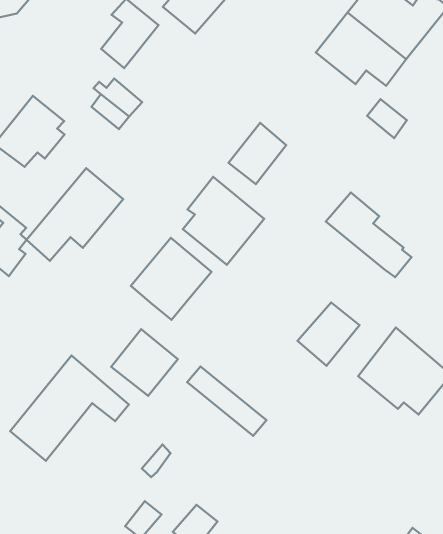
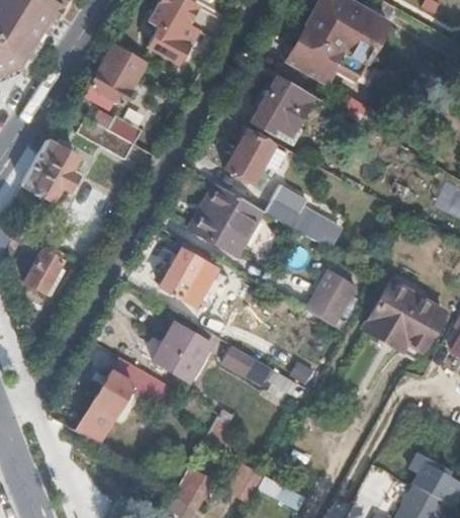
building: none -> [249,76,312,143]
building: [27,168,123,261] -> none
building: [326,192,411,277] -> [262,183,340,249]

